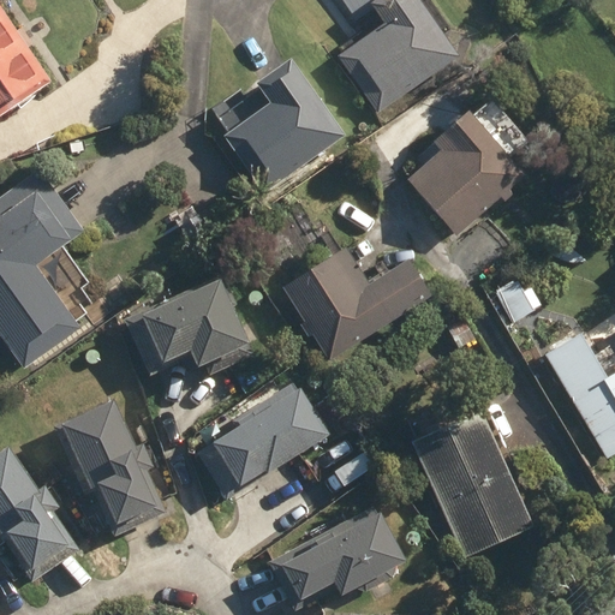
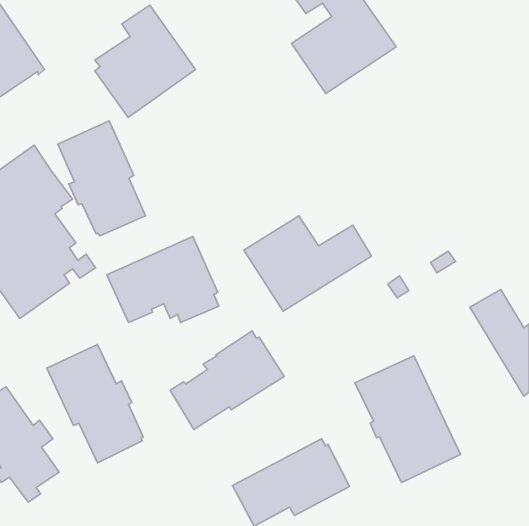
building: [226,61,342,191] -> [95,5,196,117]
building: [408,98,531,235] -> none
building: none -> [58,121,146,236]

